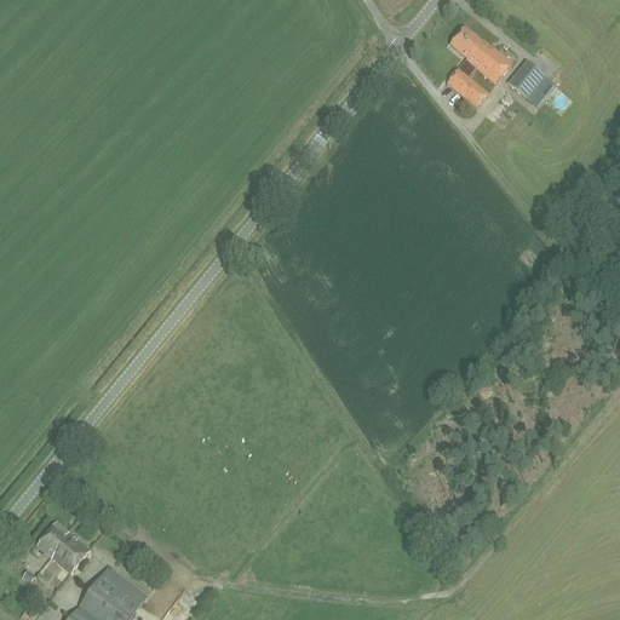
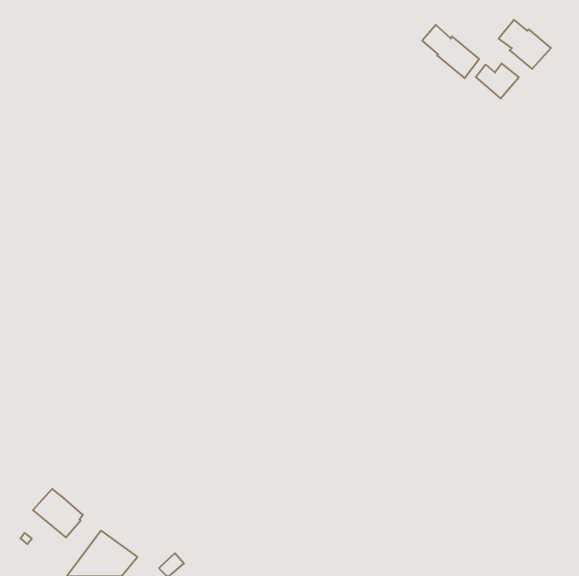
building: none -> [499,20,551,69]
building: [446,68,487,107] -> none

